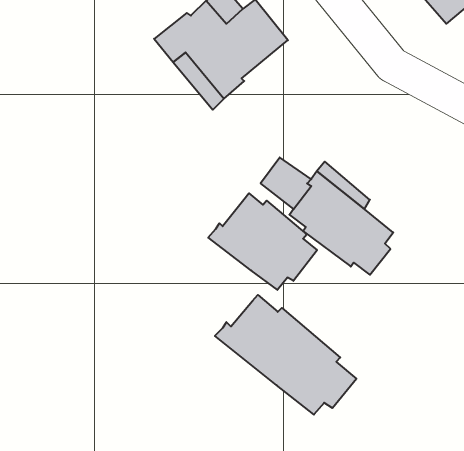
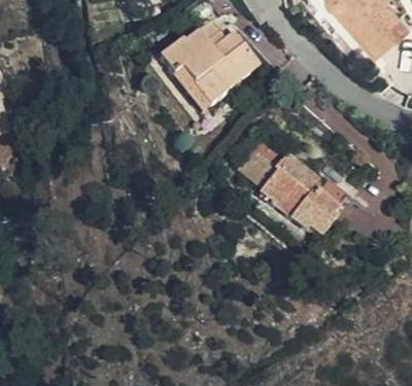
building: [208,193,317,290] -> none
building: [215,295,356,415] -> none

